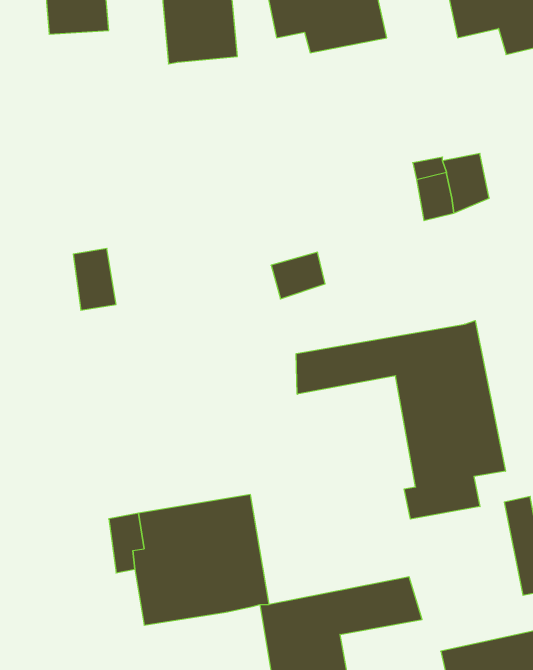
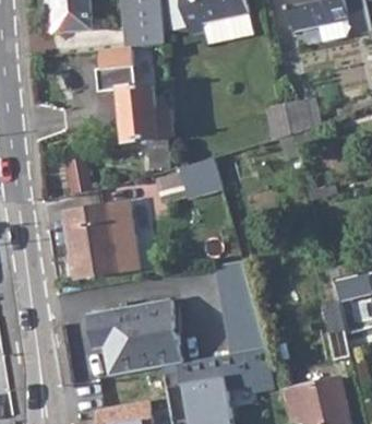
building: none -> [96,46,175,168]
building: [296,321,505,519] -> none
building: none -> [65,203,139,276]

